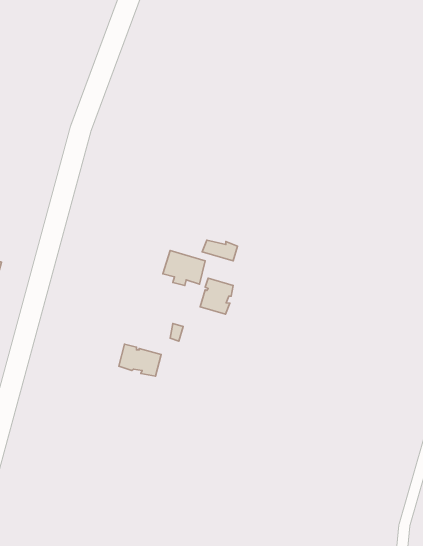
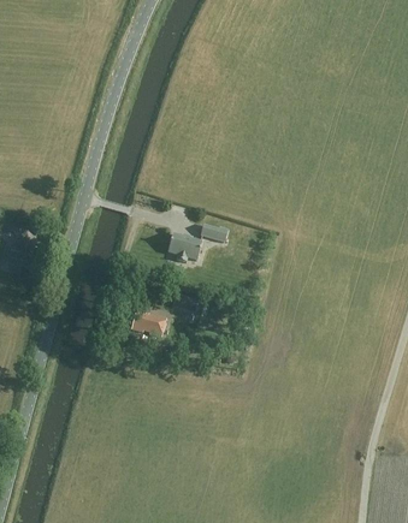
building: [200,278,233,314] -> none

